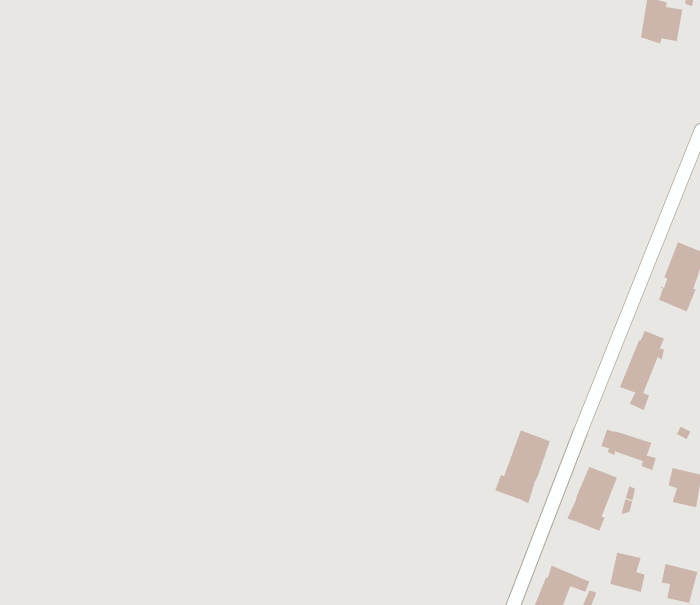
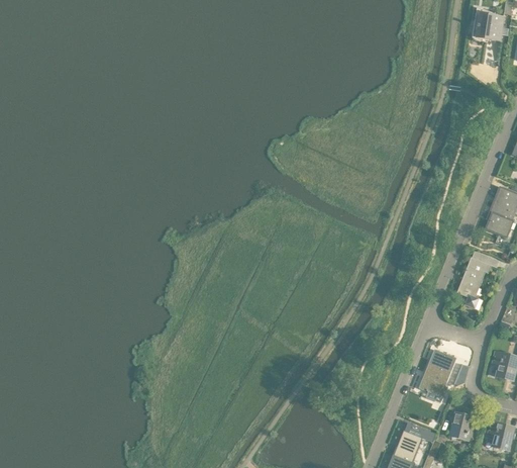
building: [601,429,657,471] -> none
building: [495,430,550,504] -> none

